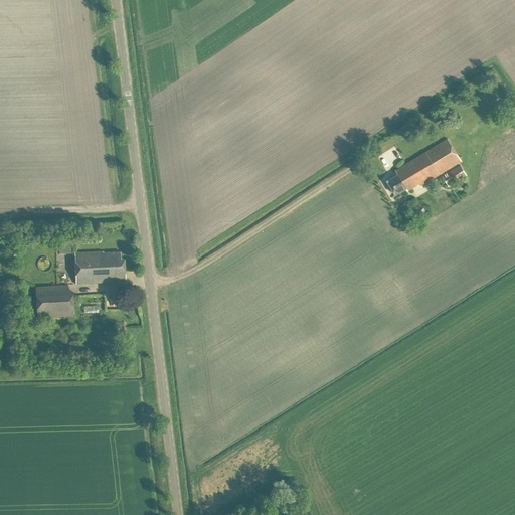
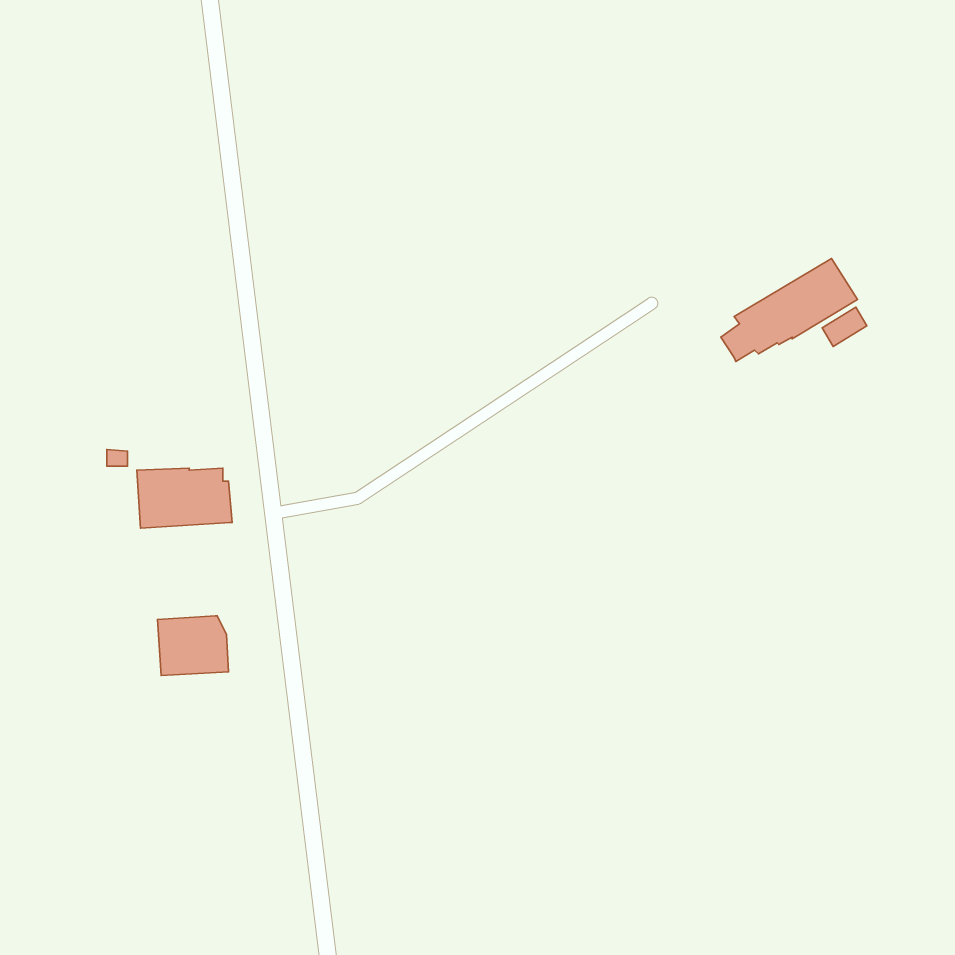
building: [34,285,72,317] -> [157,616,229,676]

